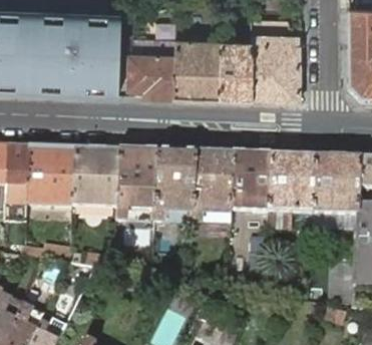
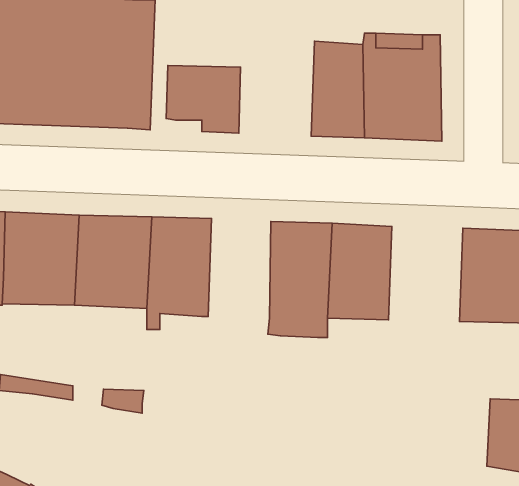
building: [174,36,222,96] -> none
building: [155,147,195,220] -> none
building: [268,152,314,227] -> none

